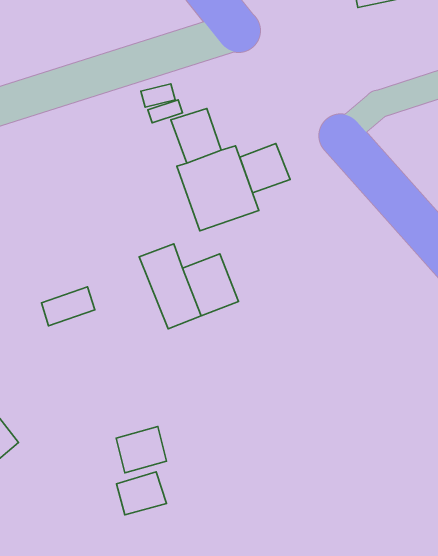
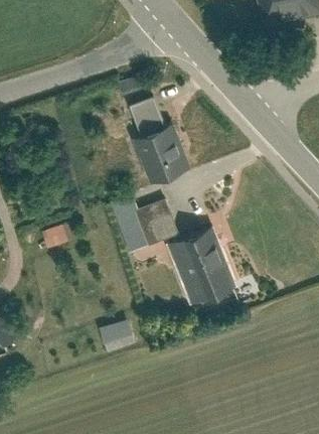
building: [240,143,290,193] -> none
building: none -> [166,226,237,305]
building: [116,472,166,515] -> none

